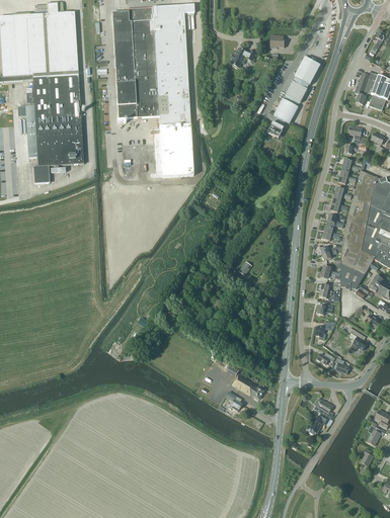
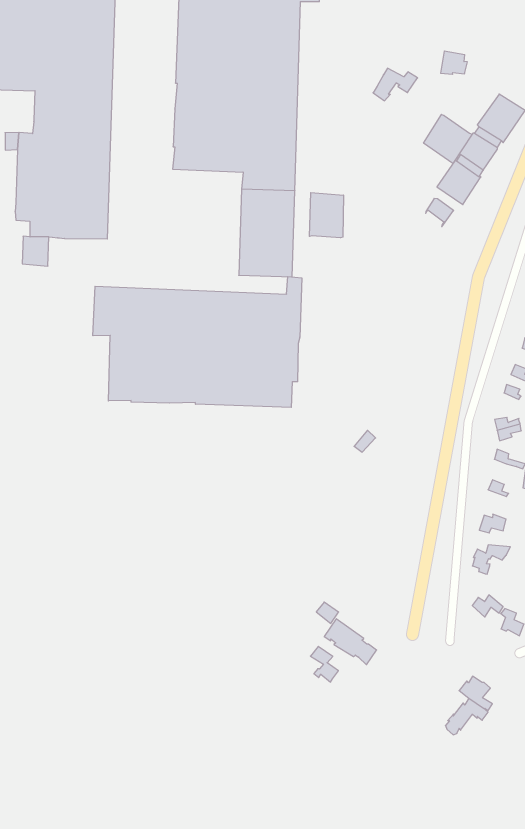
building: none -> [424,114,472,164]
building: none -> [309,193,343,238]
building: none -> [93,277,302,407]

